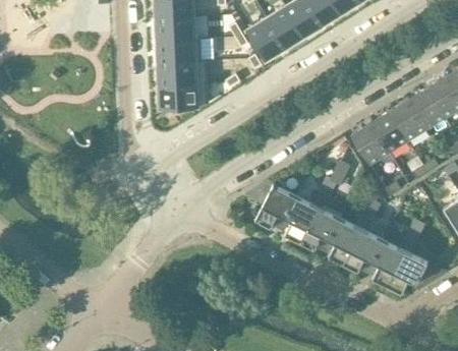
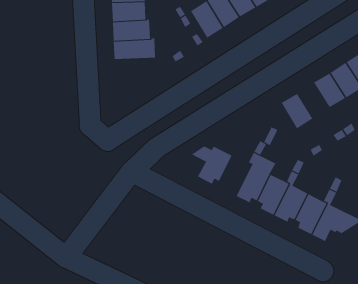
building: [158,82,208,108] -> none
building: [370,111,407,153] -> none
building: [280,195,318,242] -> none

